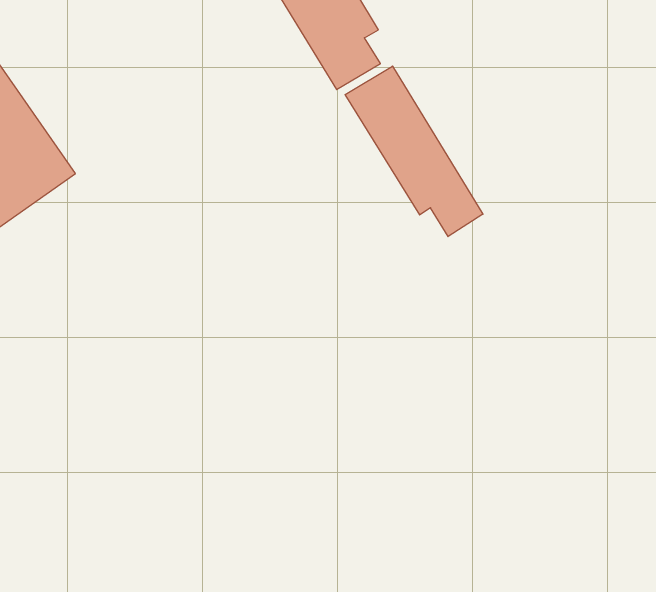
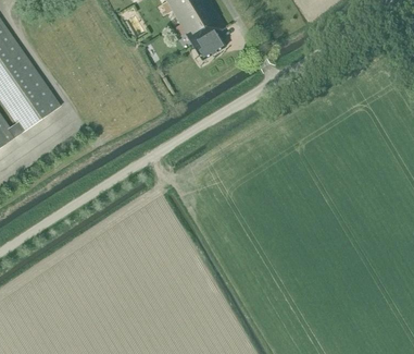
building: [345,66,483,237] -> none

